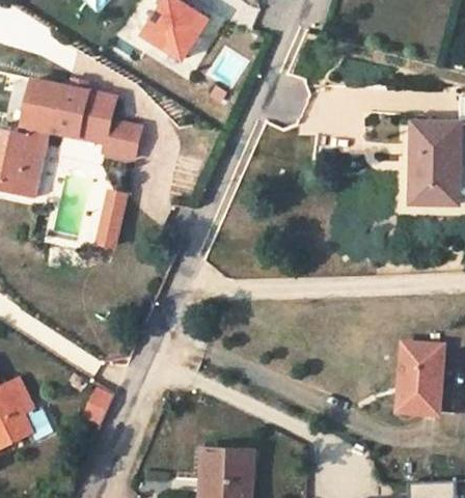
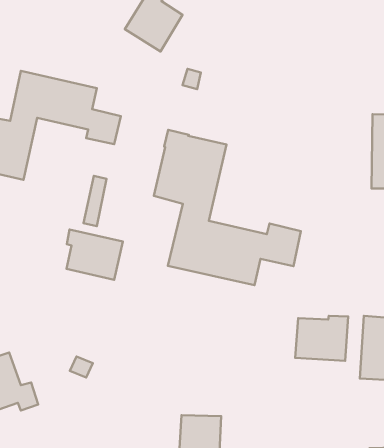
building: none -> [154,130,301,285]
building: none -> [67,229,123,280]
building: none -> [295,316,348,361]

